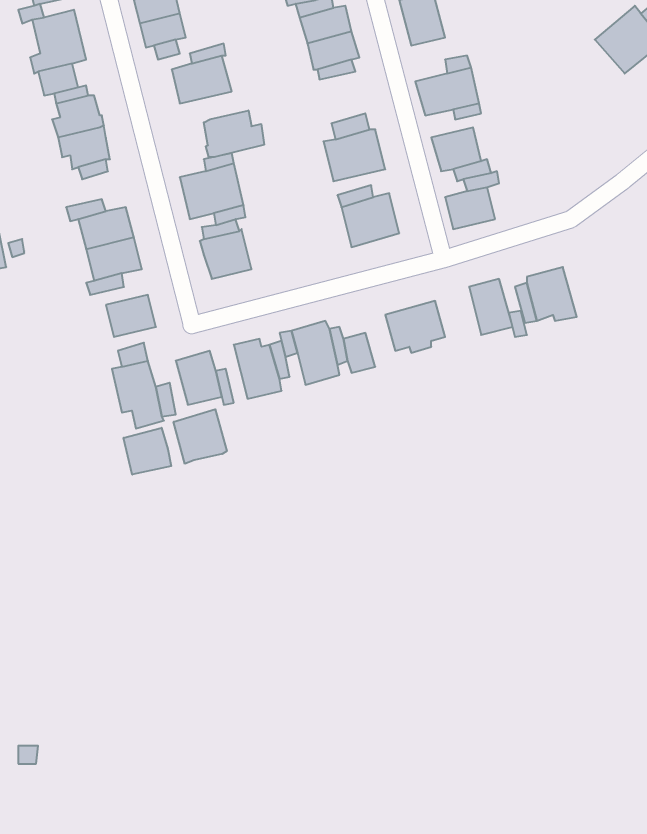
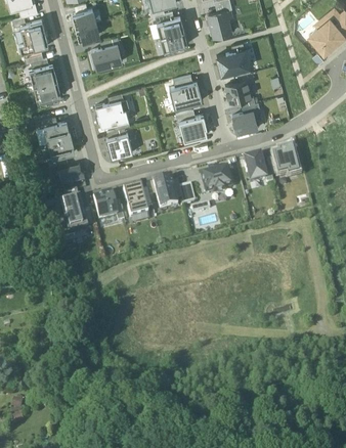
building: [204,110,264,157] -> none
building: [174,409,227,464] -> none
building: [124,428,171,475] -> none

